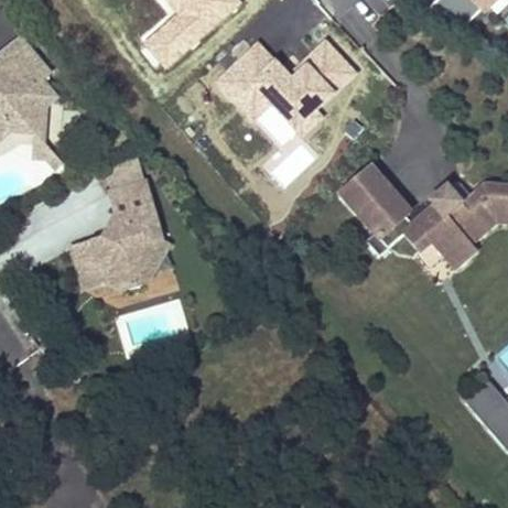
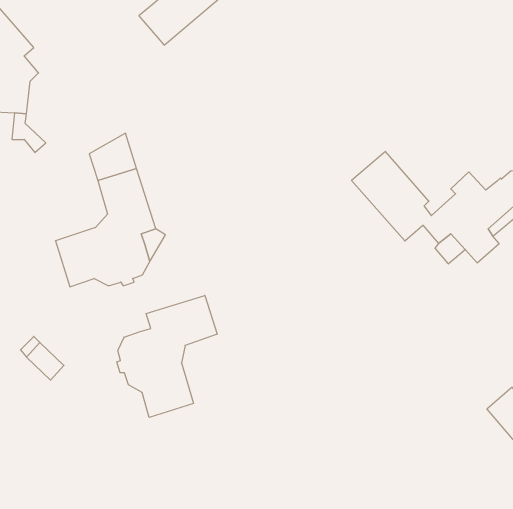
building: [217,40,357,144] -> none
building: none -> [117,295,217,417]

